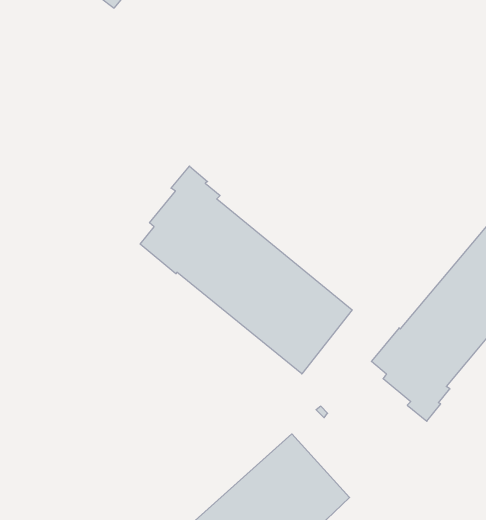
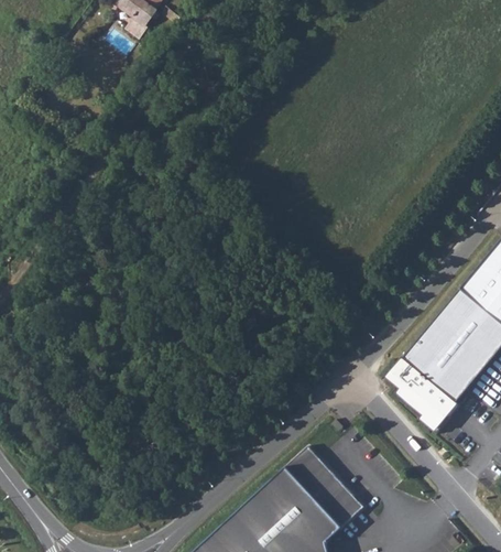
building: [140,166,352,374] -> none

